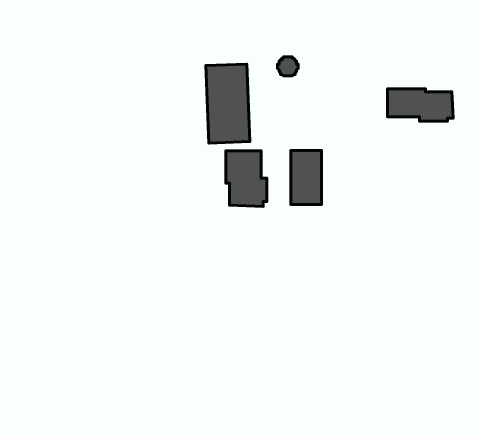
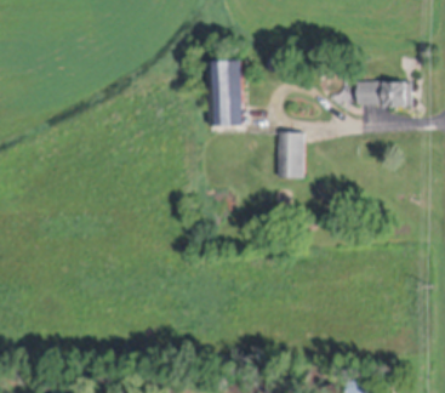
building: [226,151,267,207] -> none

